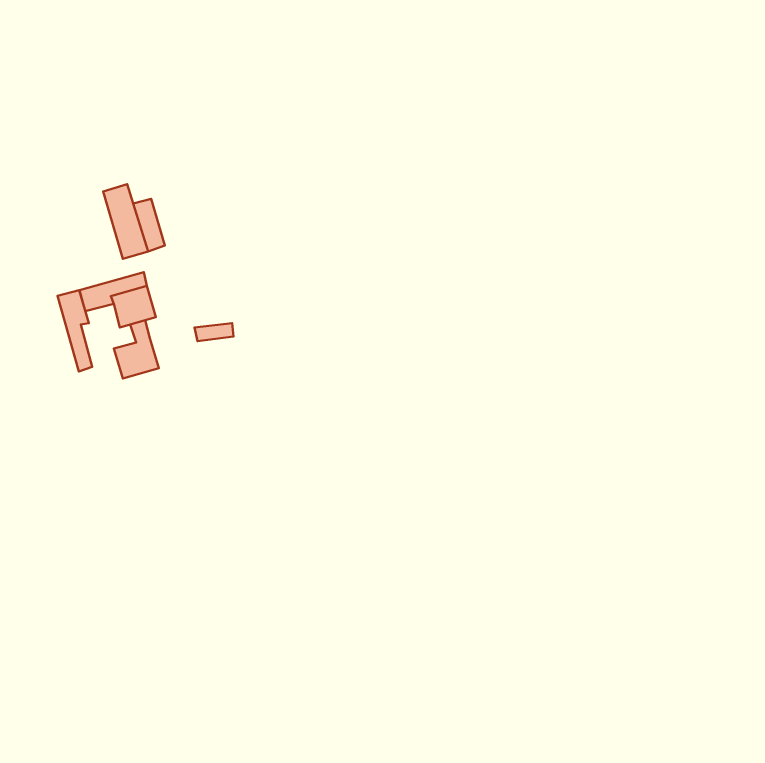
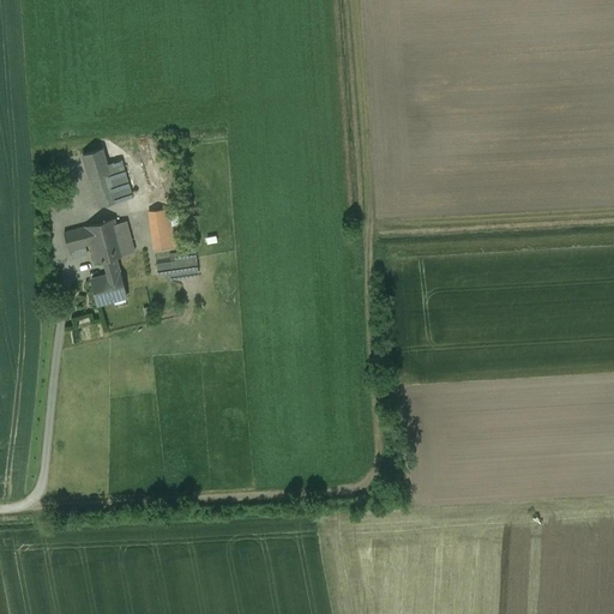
building: none -> [149,209,174,251]
building: [58,290,92,371] -> none

